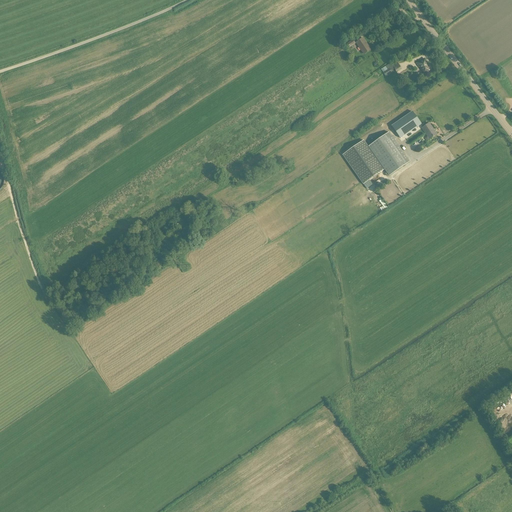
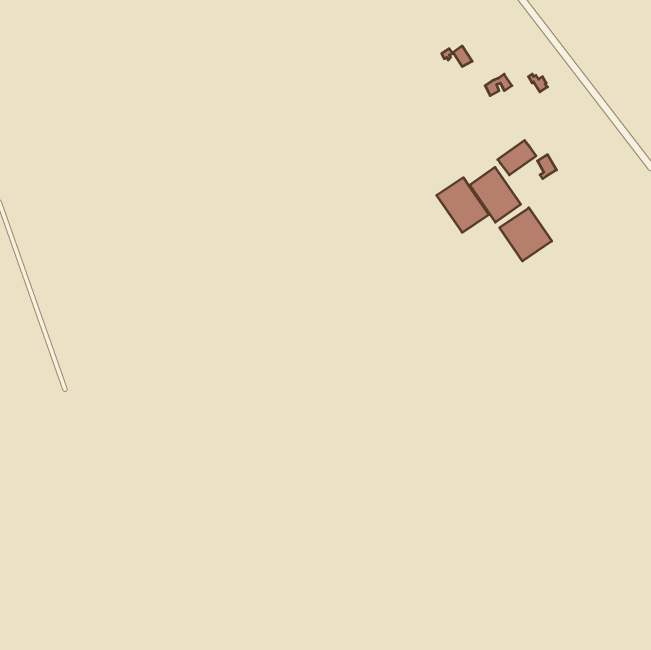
building: none -> [500,208,552,261]

